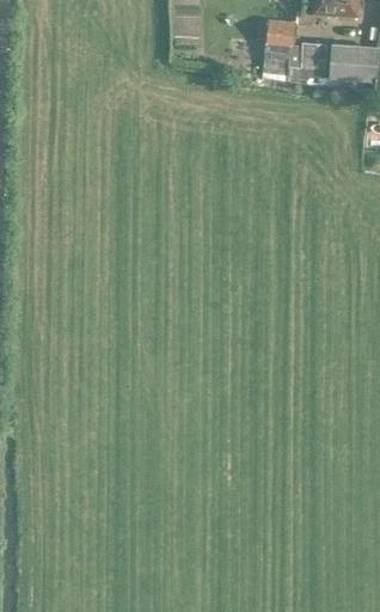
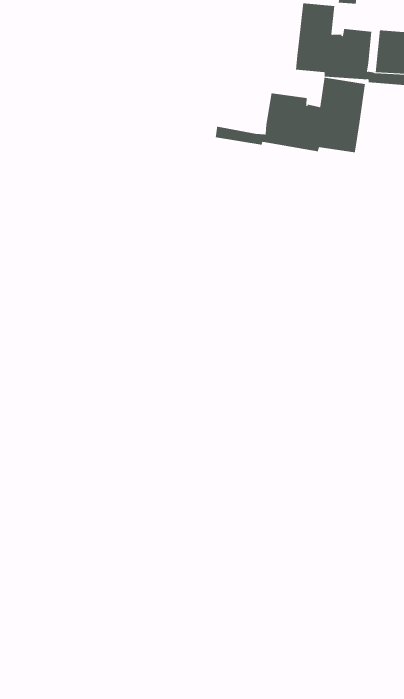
building: none -> [215,77,366,153]

